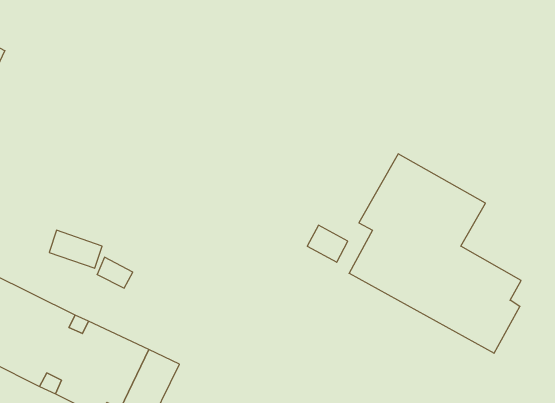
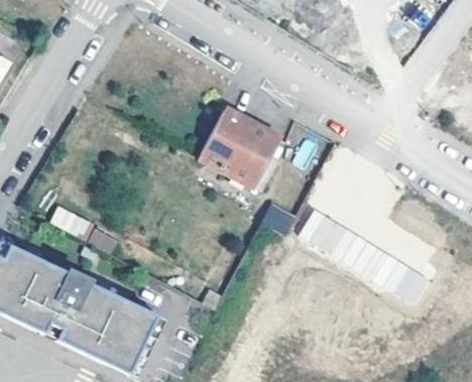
building: none -> [197,107,275,190]

